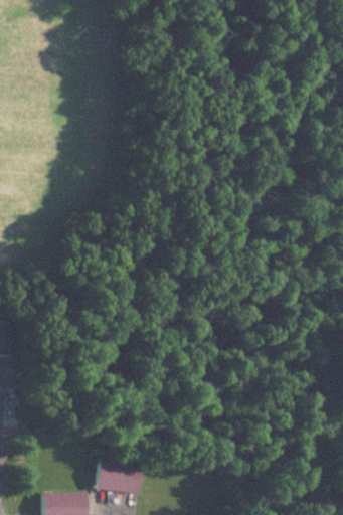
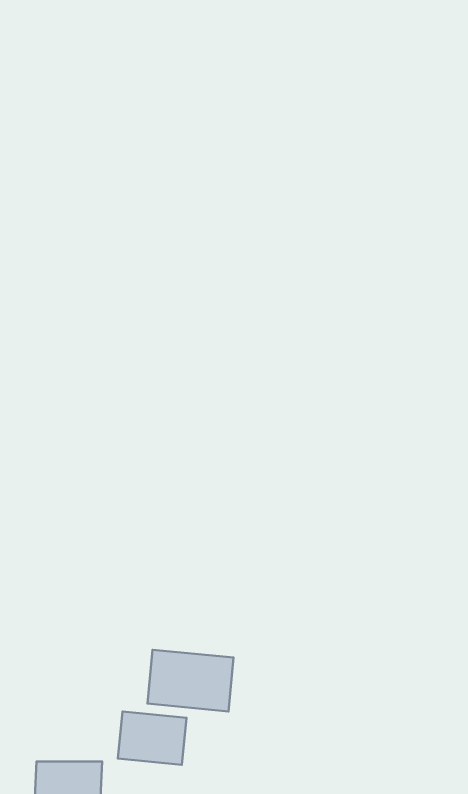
building: none -> [147,650,234,712]

